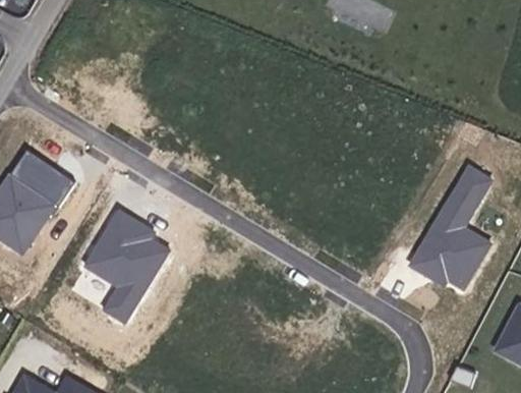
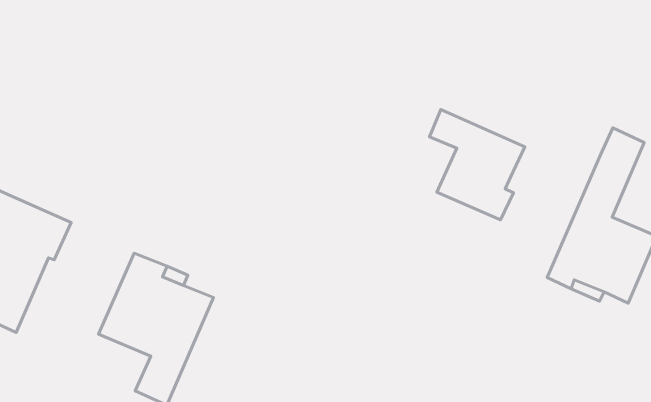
building: none -> [429,109,525,220]

